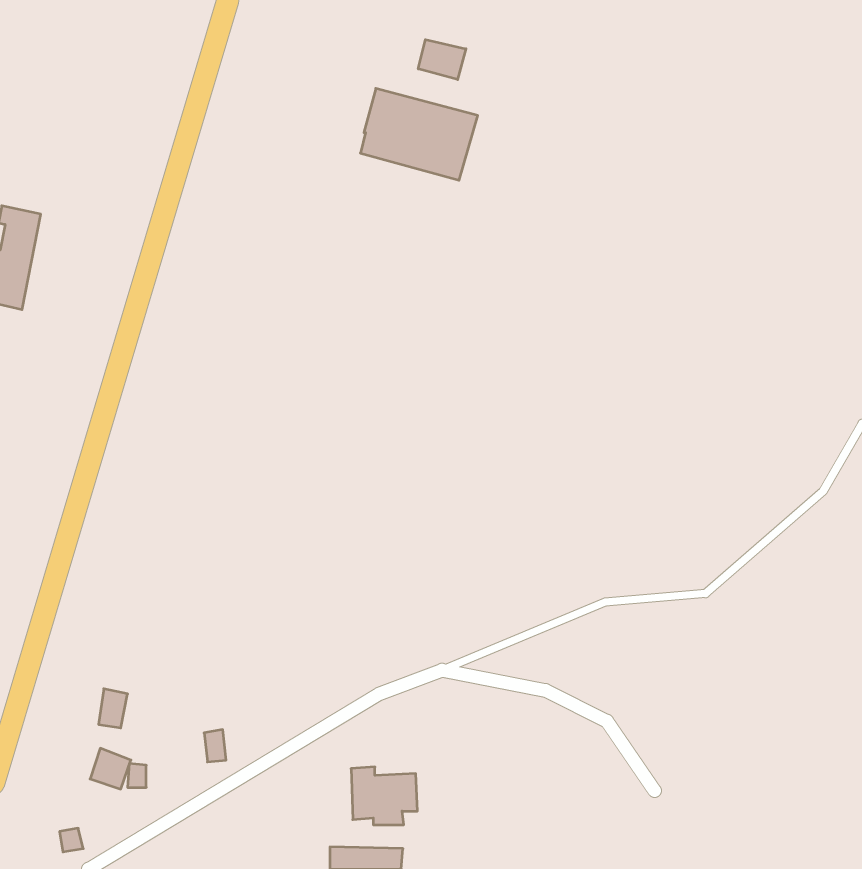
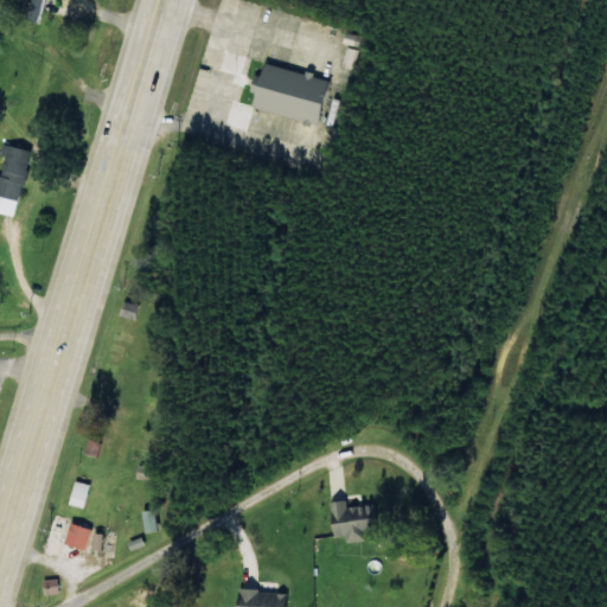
building: [418,40,466,80] -> none
building: [351,767,417,825] -> [325,500,371,541]

